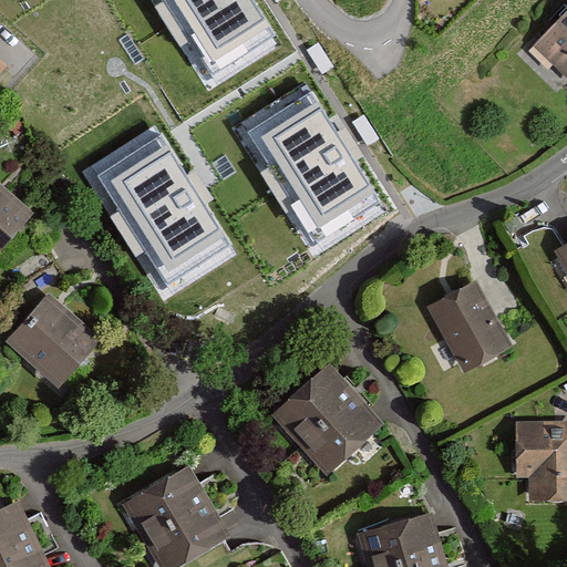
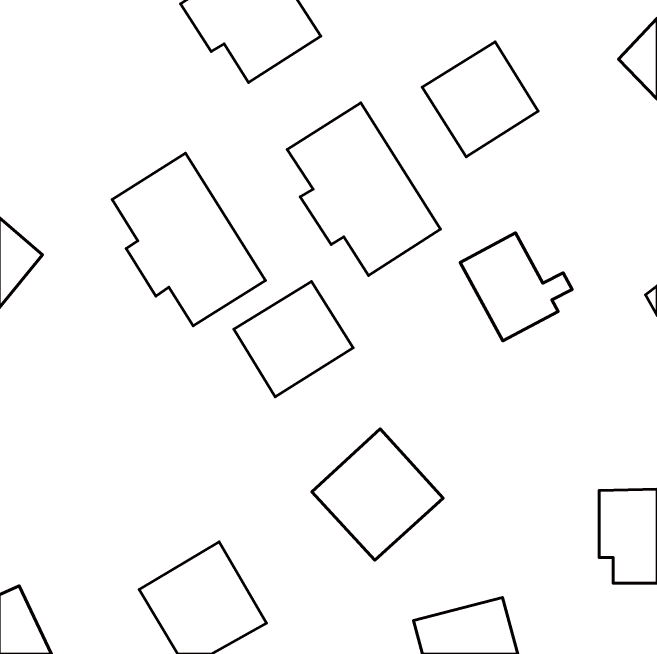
building: none -> [422,42,538,157]
building: none -> [234,281,353,397]
building: [426,281,523,374] -> [460,233,572,341]
building: [9,288,106,385] -> none

